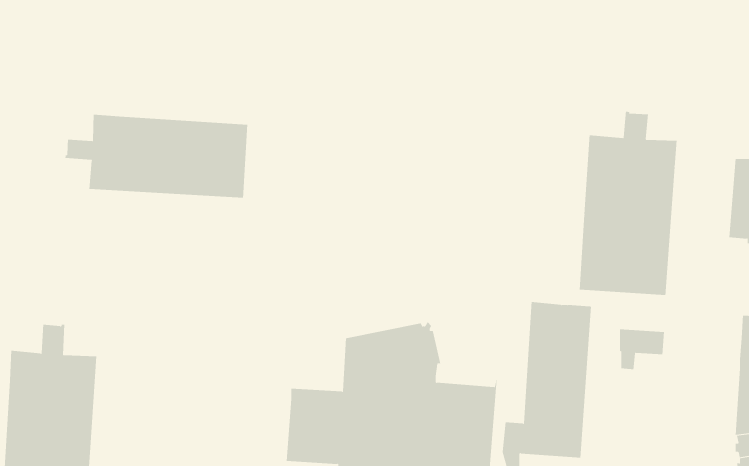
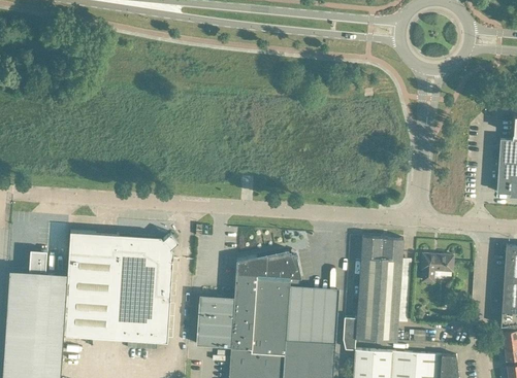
building: [579,111,677,296] -> none
building: [65,114,248,198] -> none
building: none -> [64,232,179,343]

